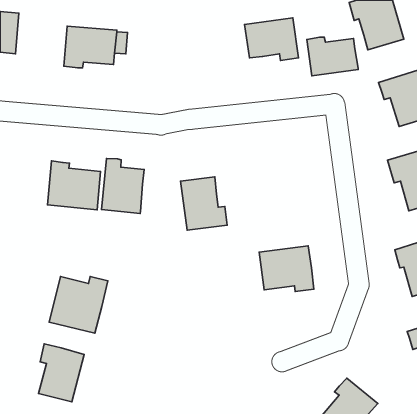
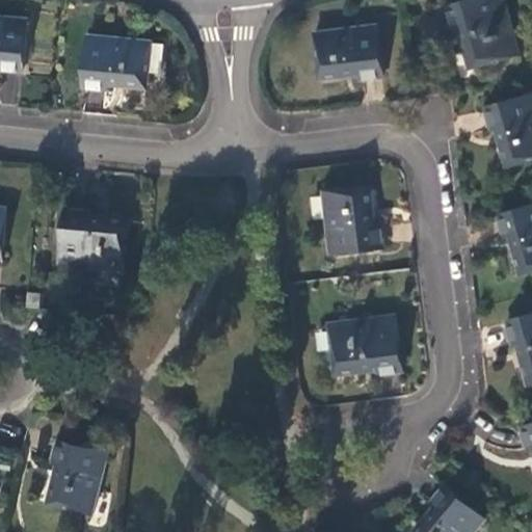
building: [307,37,358,76] -> none
building: [102,158,144,213] -> none
building: [181,177,227,230] -> [322,187,381,255]
building: [49,276,108,333] -> none

